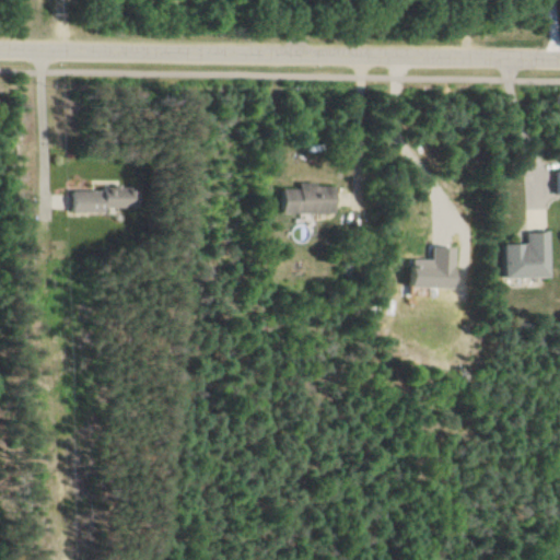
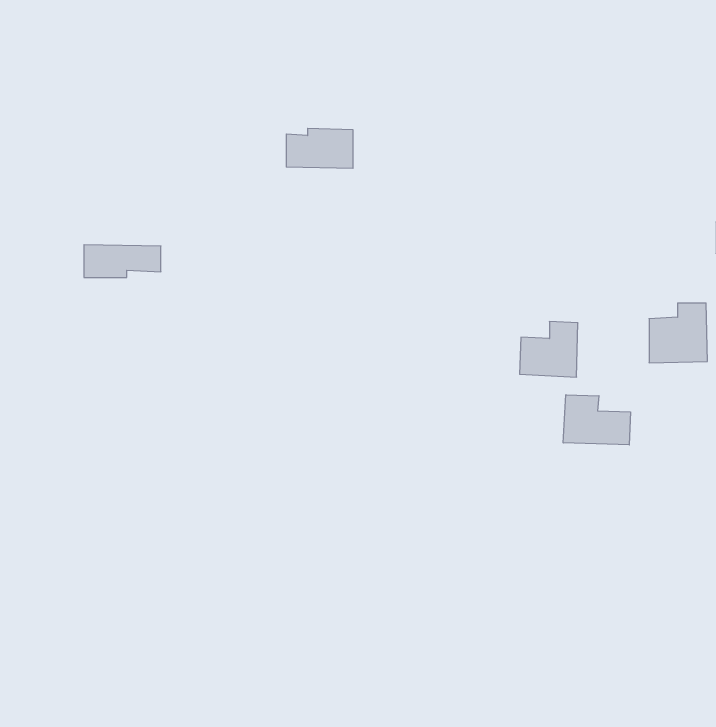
building: [285,184,337,214] -> [286,128,353,168]
building: none -> [563,395,630,445]

